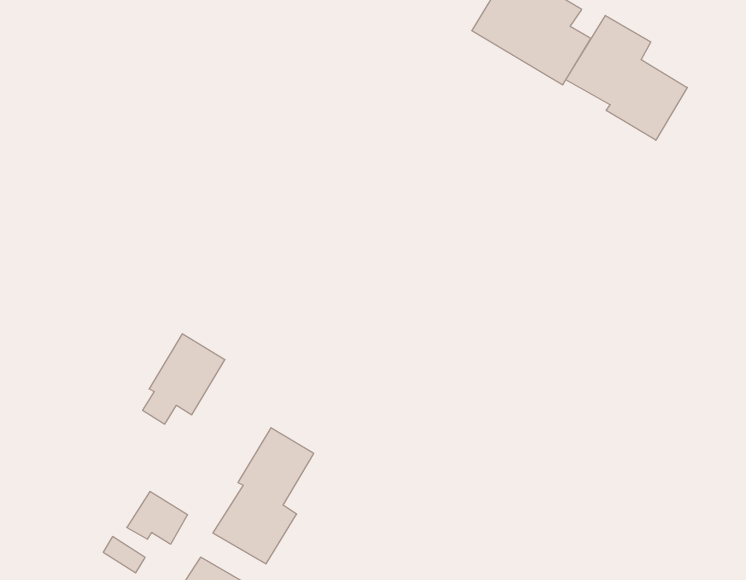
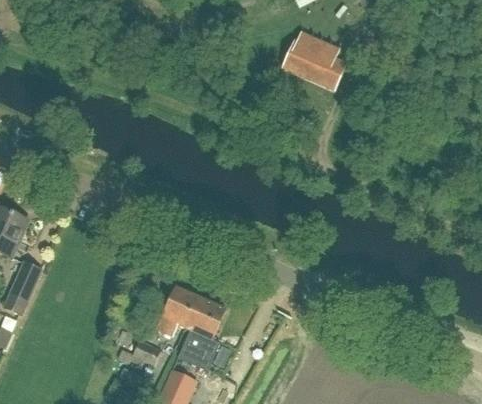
building: [566,15,687,140] -> none
building: [143,334,225,424] -> [159,285,200,335]

